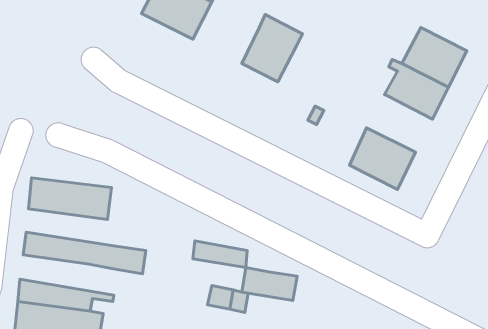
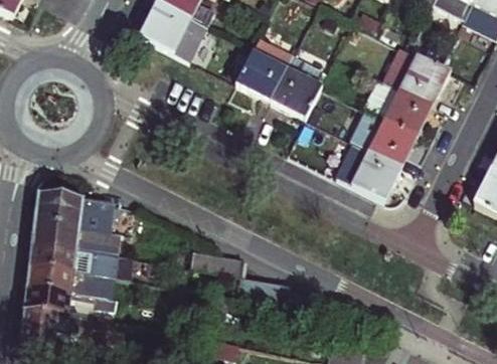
building: none -> [270,55,322,119]
building: none -> [350,111,416,167]
building: none -> [32,220,121,255]
building: none -> [26,263,117,302]

